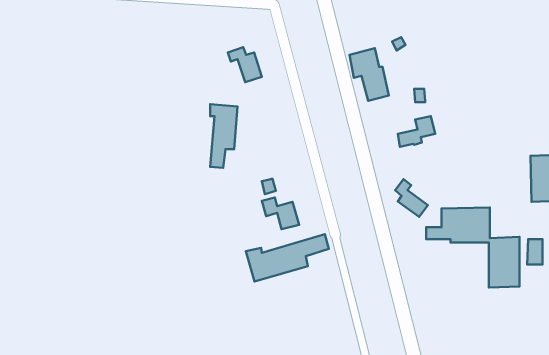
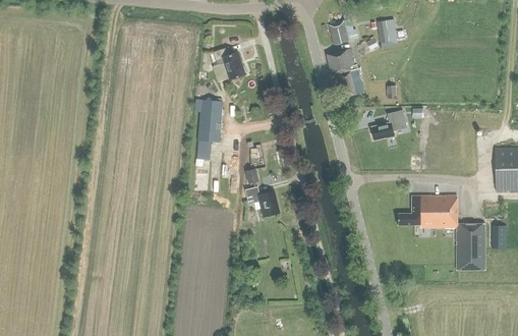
building: none -> [330,19,358,44]
building: none -> [378,19,397,46]
building: [395,179,428,217] -> none
building: [246,234,329,281] -> none

